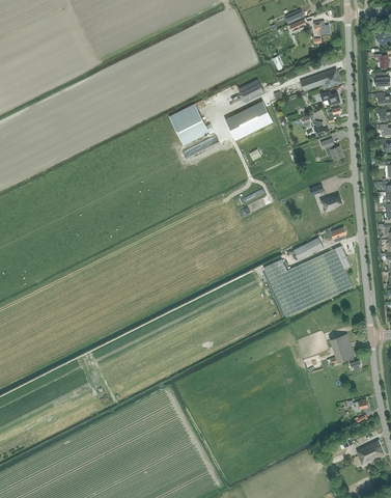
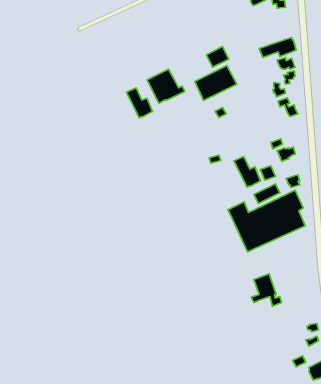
building: none -> [126,88,152,118]
building: none -> [234,156,261,187]
building: [327,332,362,369] -> [251,274,282,306]

